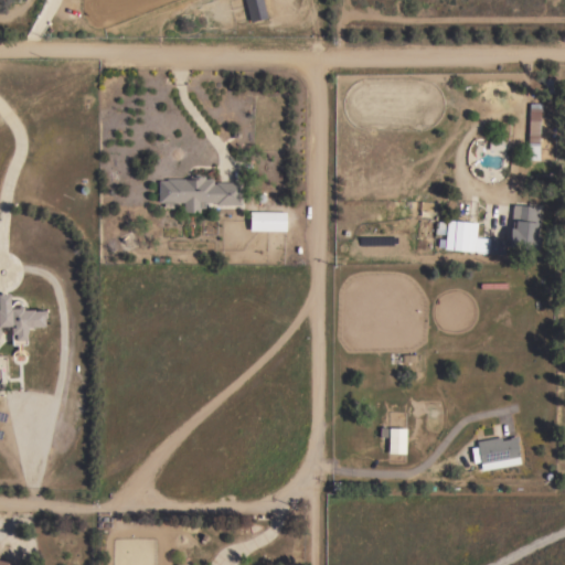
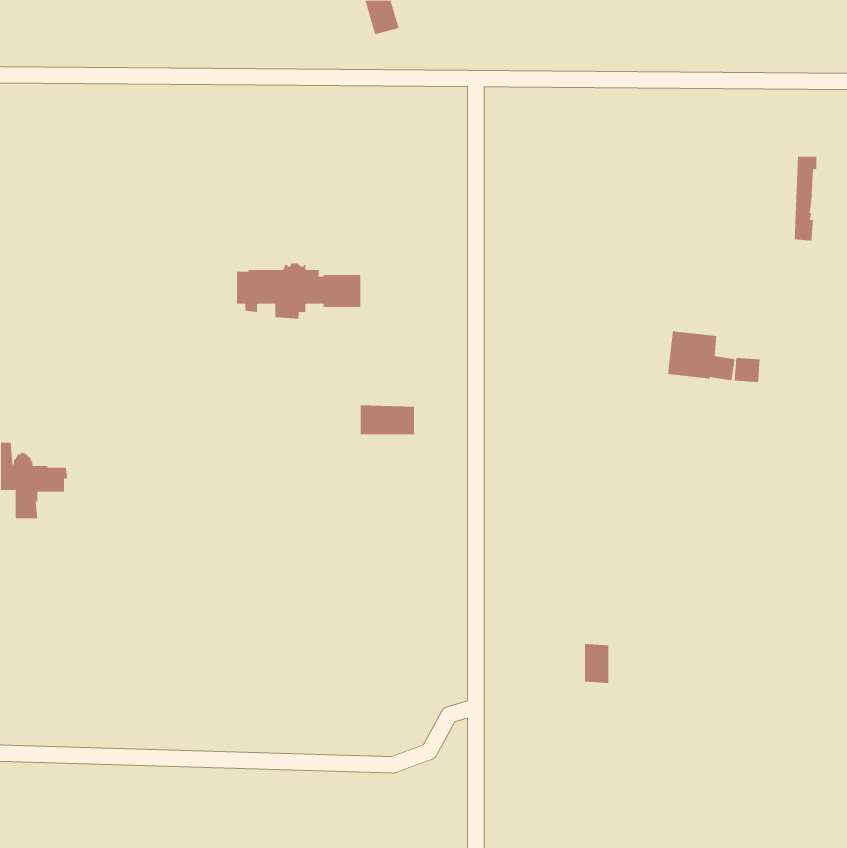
building: [510,205,541,250] -> none
building: [250,212,287,232] -> [360,405,415,435]
building: [471,437,520,465] -> none

